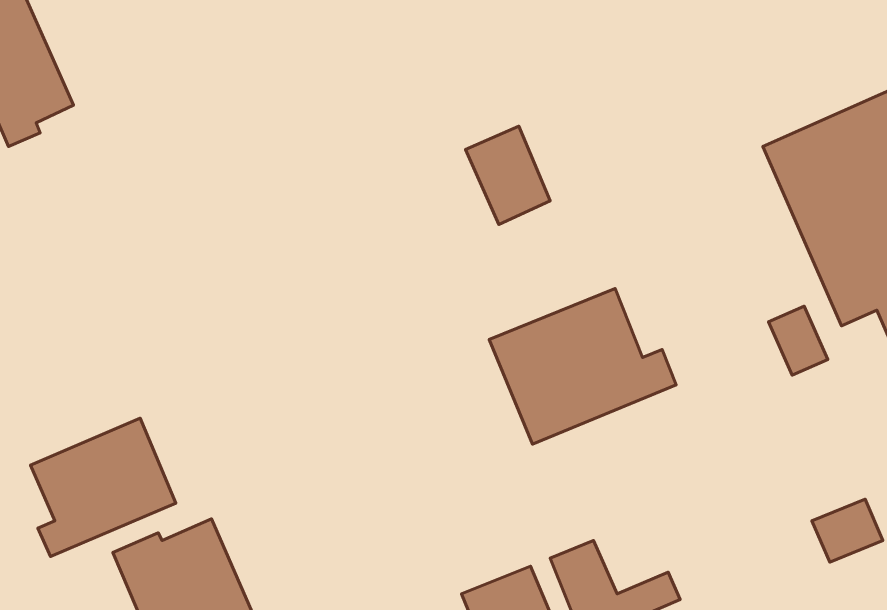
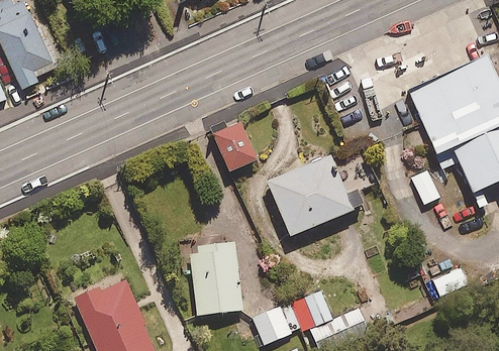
building: [466,126,550,225] -> [212,120,256,170]
building: [31,418,176,556] -> none
building: none -> [178,240,241,313]

